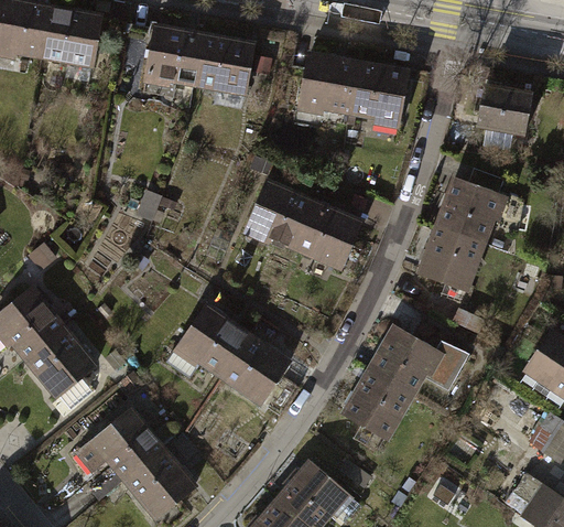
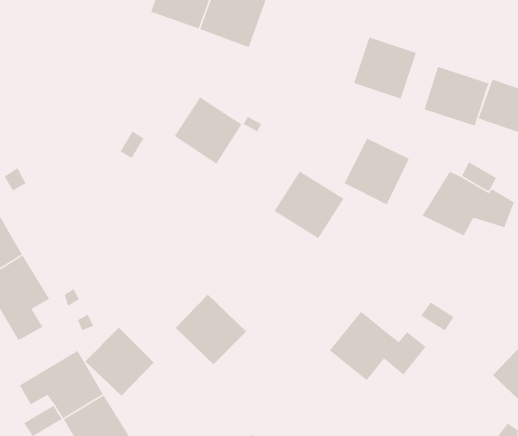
building: [299,56,358,112] -> none
building: none -> [424,66,490,127]
building: [249,184,313,247] -> [174,96,243,165]
building: [421,228,480,290] -> [343,138,410,206]
building: [177,308,245,374] -> [84,327,155,396]
building: [345,372,410,437] -> none

